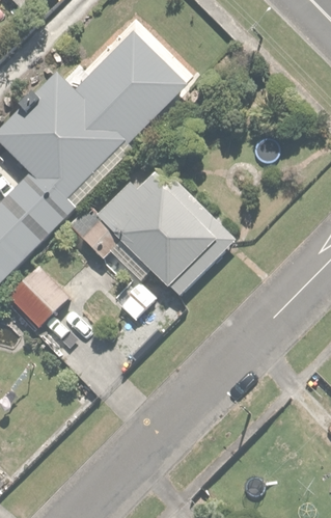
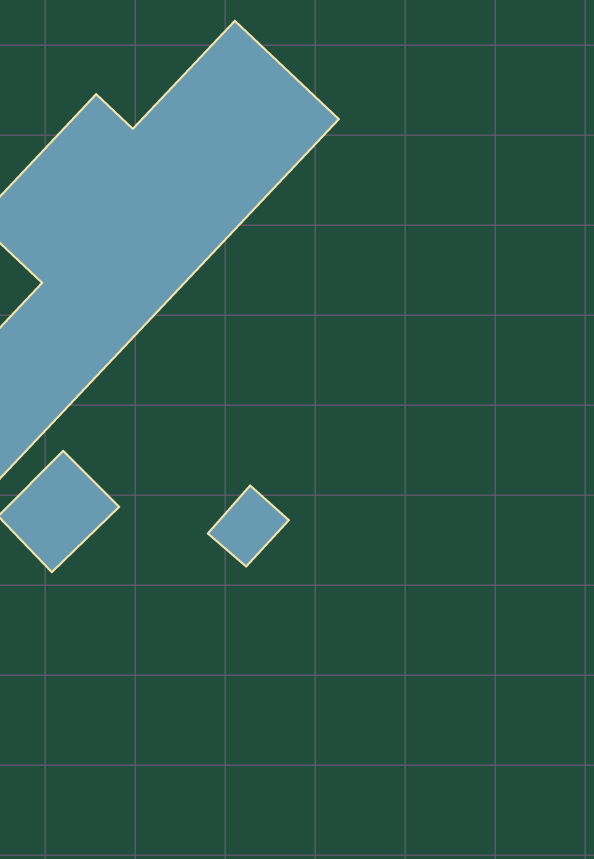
building: [79,166,237,298] -> none

